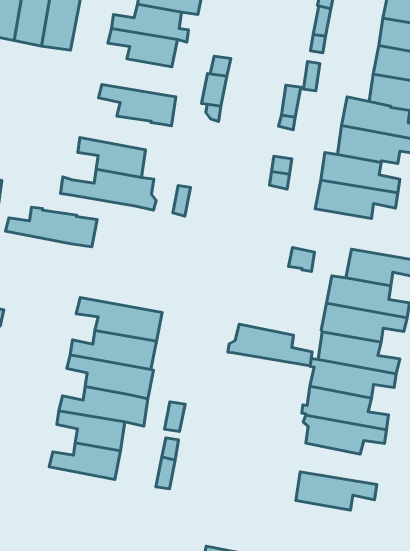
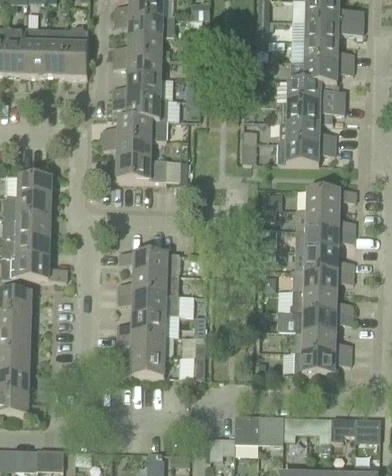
building: none -> [112,76,160,98]
building: [6,207,97,247] -> [102,117,166,139]
building: [228,324,312,366] -> [290,331,350,353]

